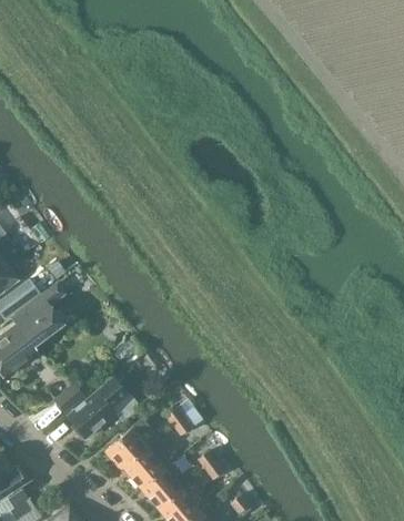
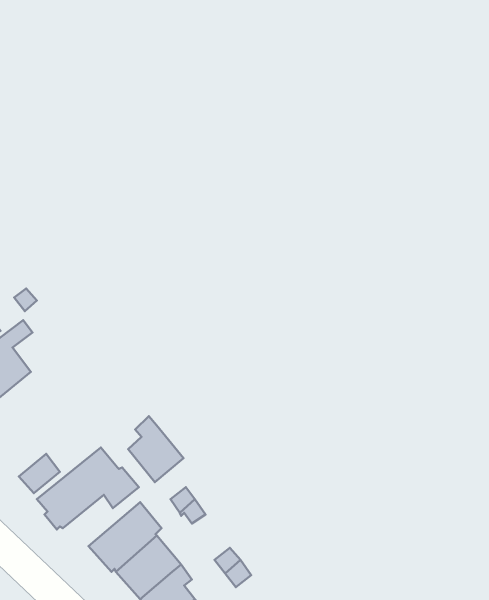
building: none -> [128,416,183,482]

